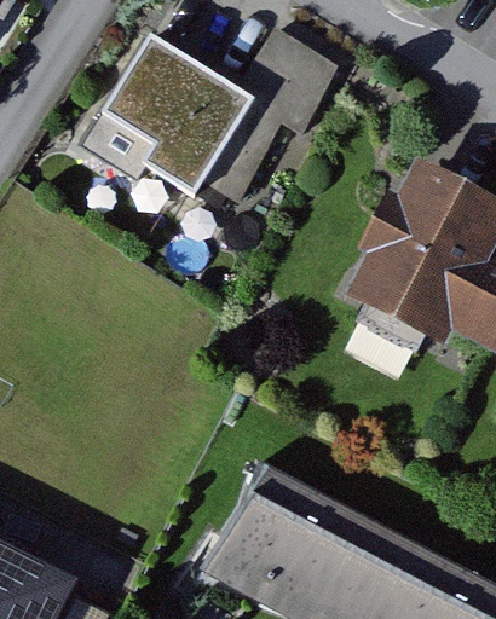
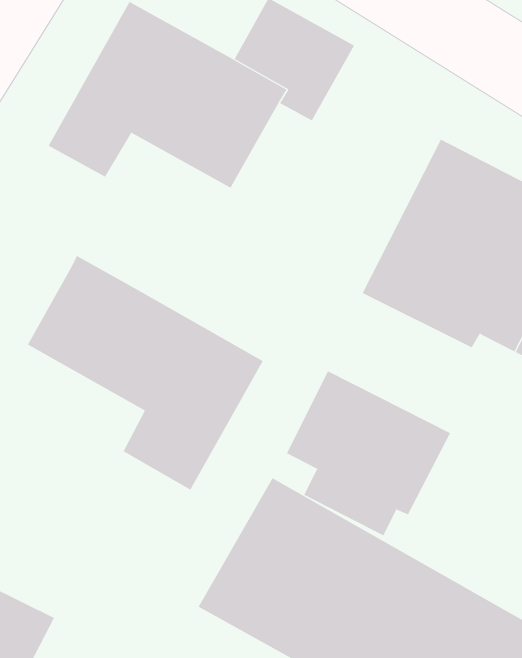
building: none -> [27,255,263,490]
building: none -> [286,371,451,536]

